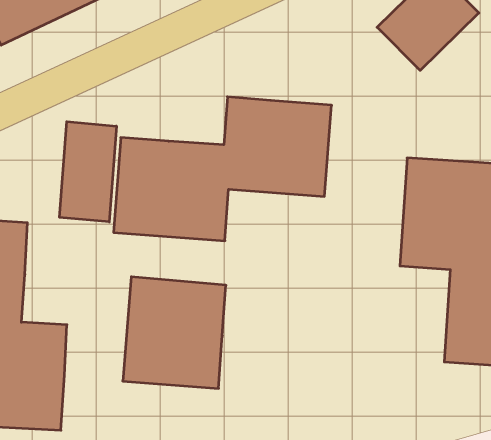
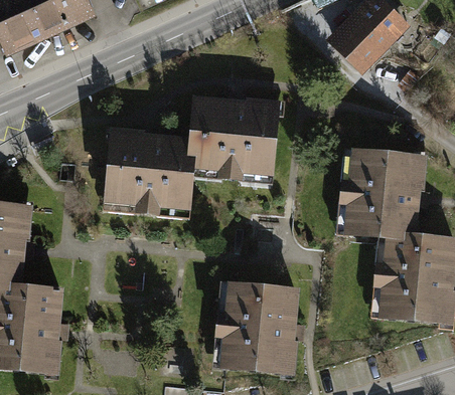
building: [60,122,116,222] -> none
building: [123,277,226,388] -> [216,281,303,375]

